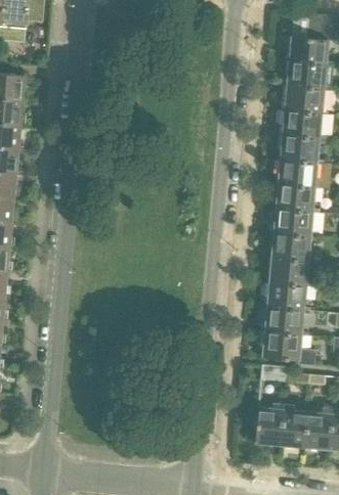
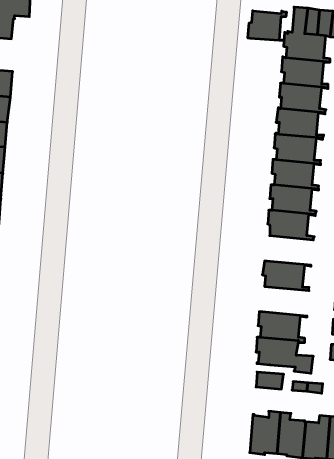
building: none -> [248,11,286,41]
building: [269,233,315,262] -> none
building: [264,282,311,311] -> none

